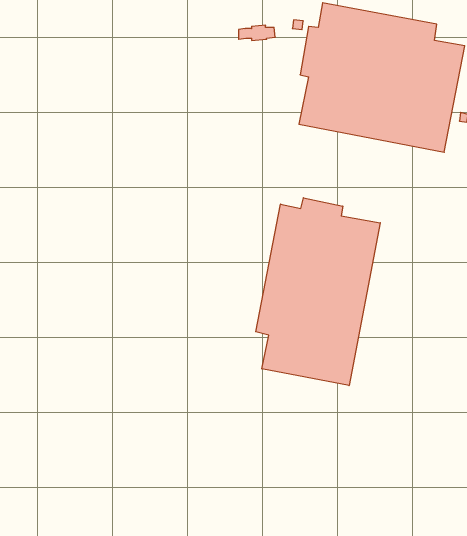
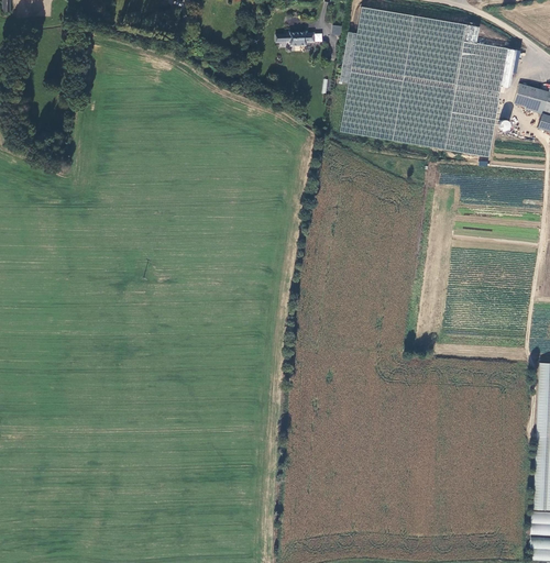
building: [256,198,380,386] -> none

